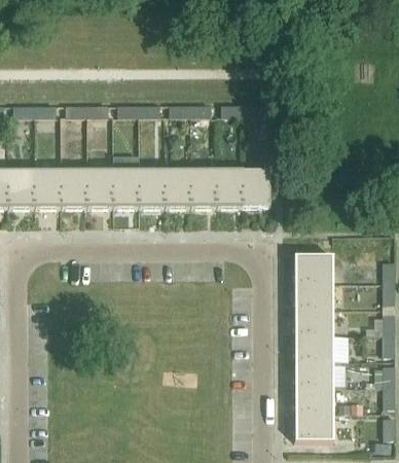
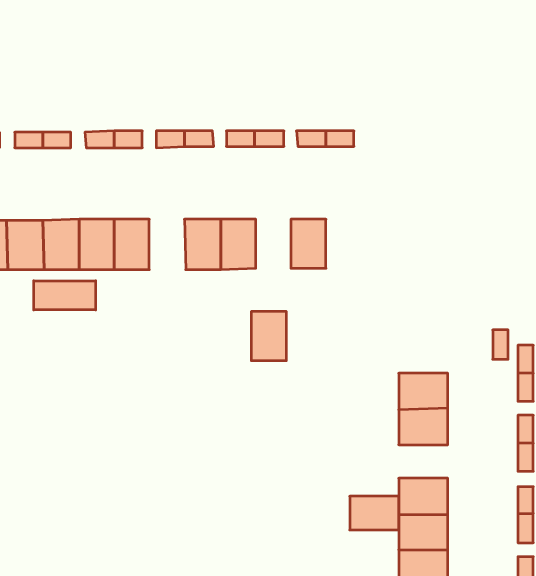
building: [112,170,139,207] -> none
building: [190,170,216,206] -> [251,312,286,361]
building: [242,170,269,206] -> none
building: none -> [34,281,96,310]
building: [295,256,331,283] -> none
building: [295,335,331,360] -> [350,496,399,530]

